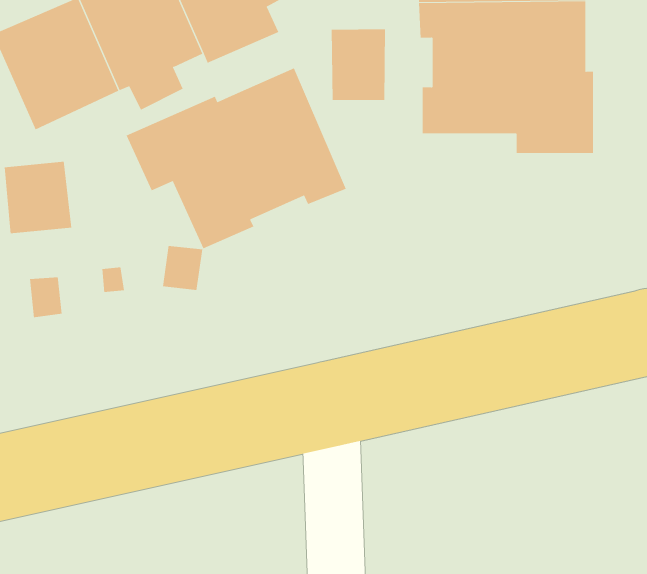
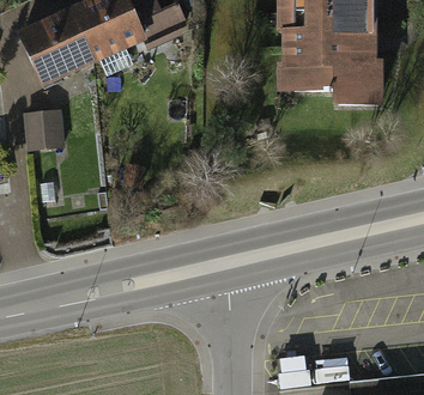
building: [331,29,385,101] -> none
building: [126,68,347,249] -> none

